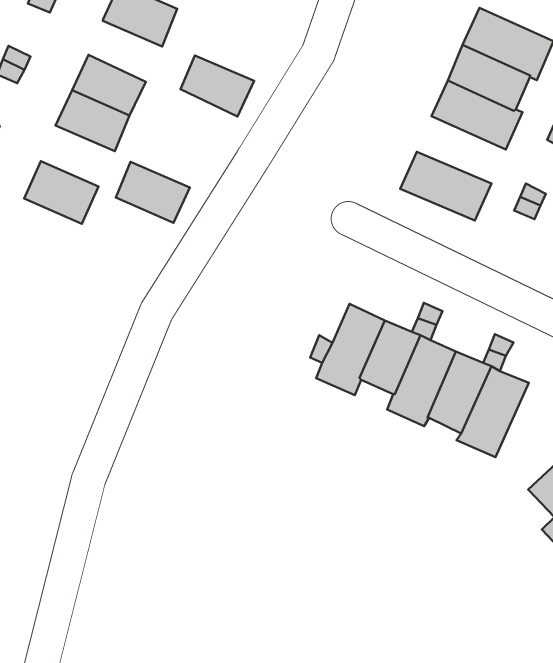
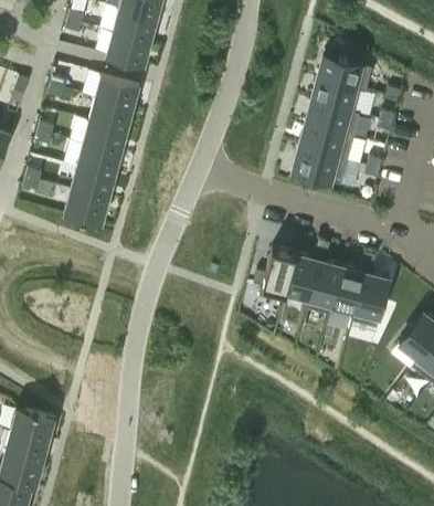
building: [180,55,254,116] -> [89,99,134,133]
building: none -> [299,126,353,161]
building: [116,162,190,223] -> [71,168,115,201]

